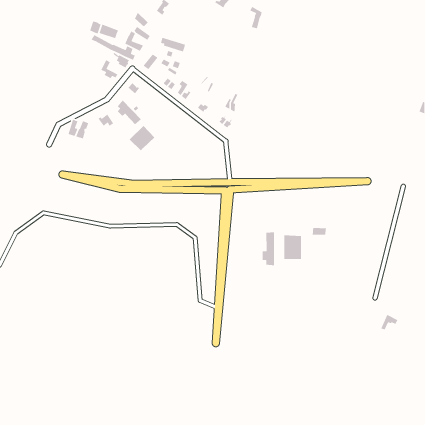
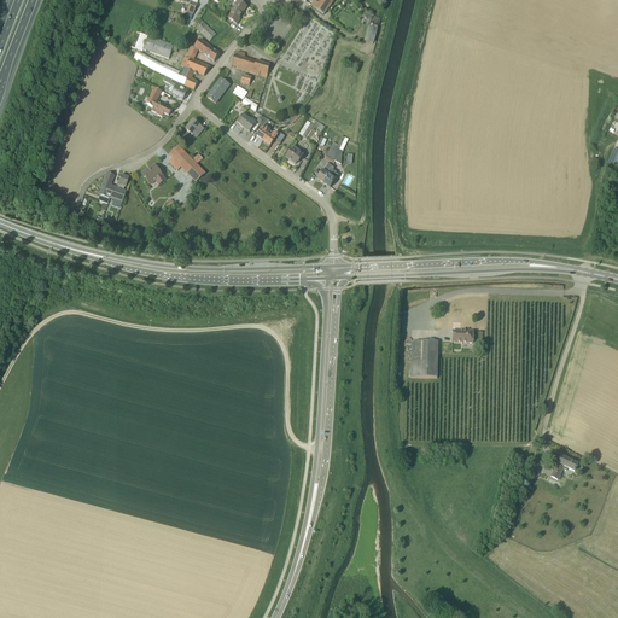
building: [129,125,155,151] -> none
building: [262,232,275,266] -> none

